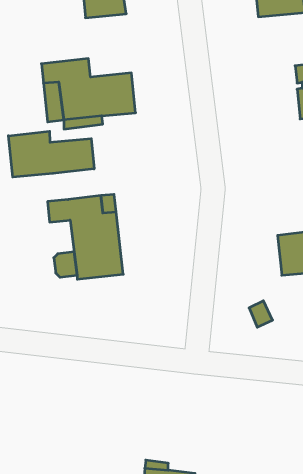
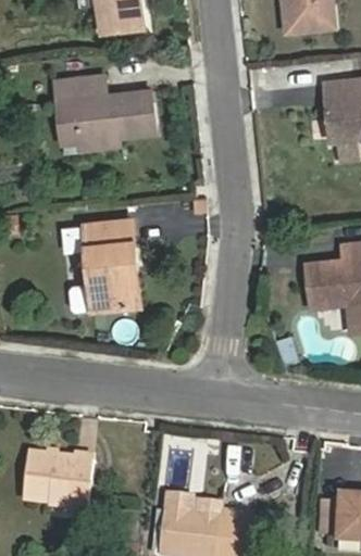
building: [8,131,94,177] -> none
building: none -> [23,451,88,507]

